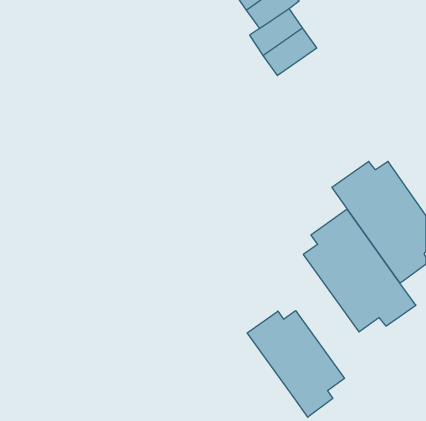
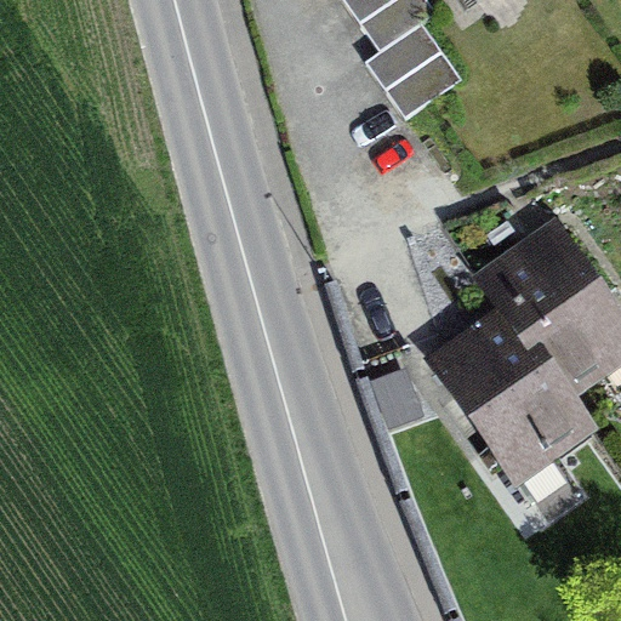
building: [247,311,344,417] -> none

